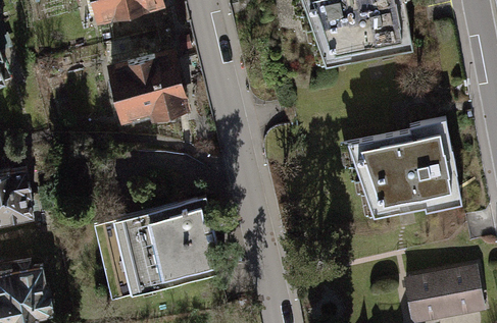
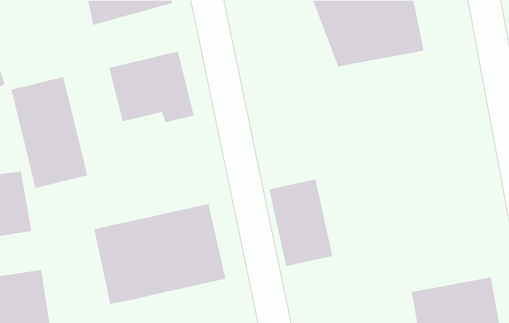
building: none -> [11,76,88,189]
building: [342,118,460,214] -> none
building: none -> [269,178,333,267]

